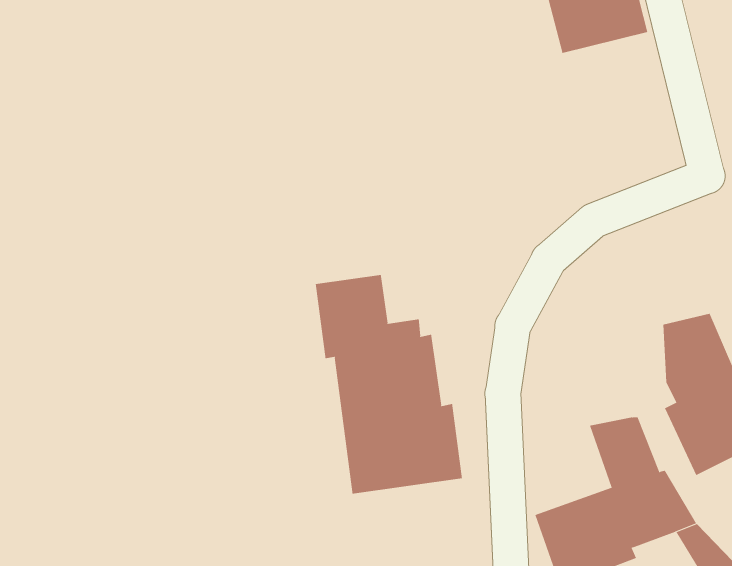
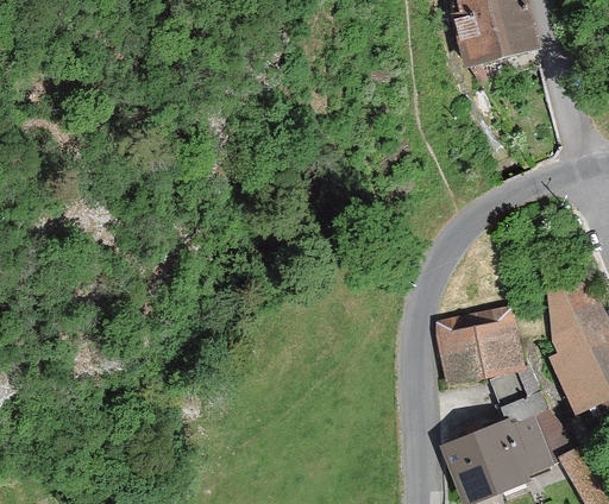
building: [315,274,462,495] -> none
building: none -> [435,308,525,382]

